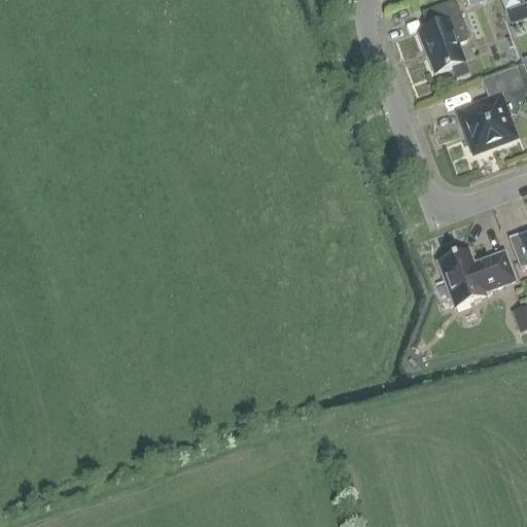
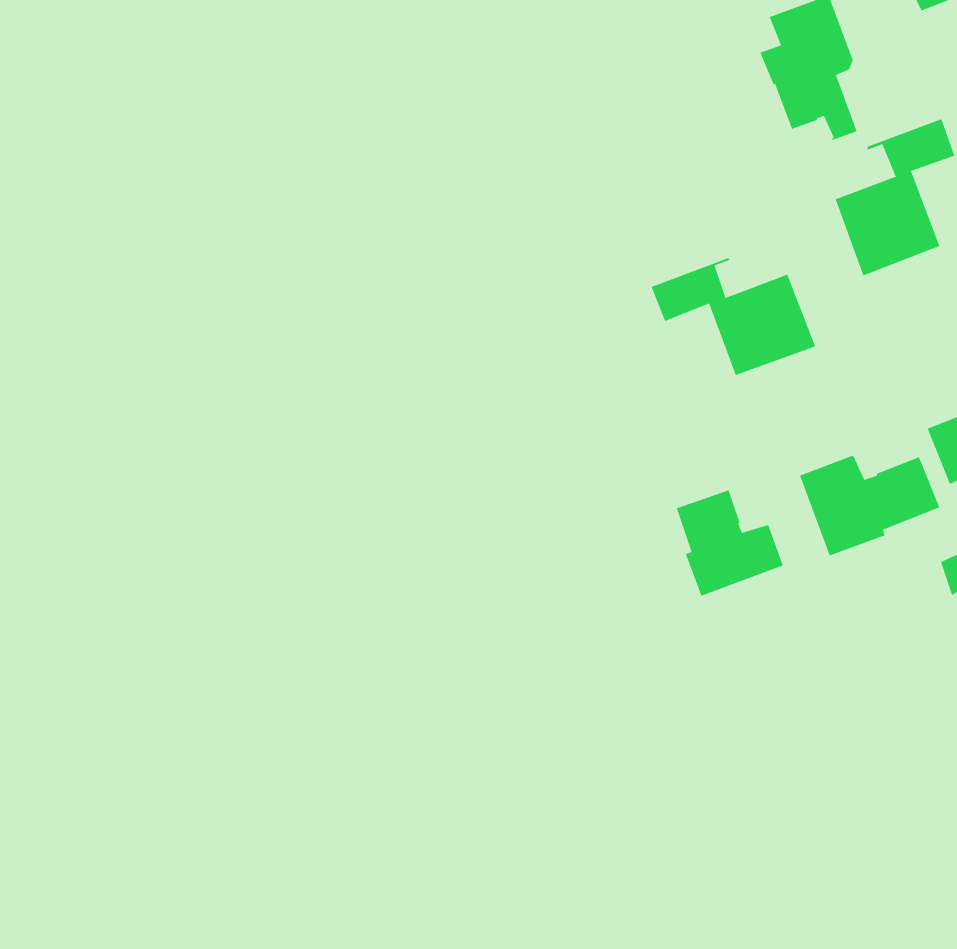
building: none -> [651,258,816,376]
building: none -> [676,490,784,596]

